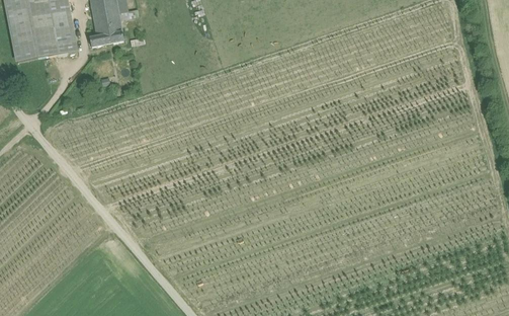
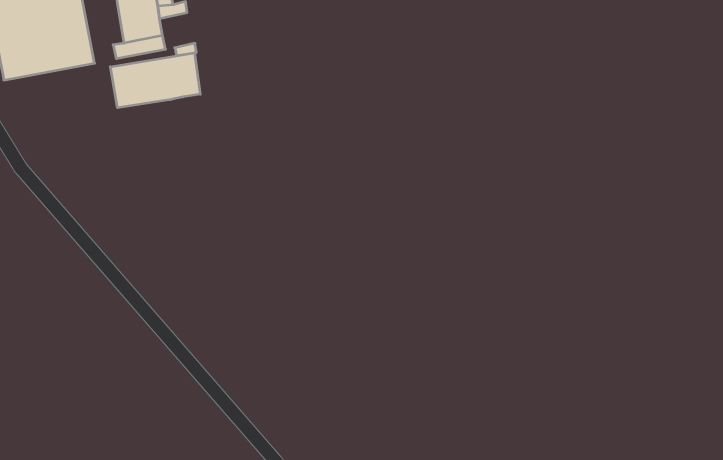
building: none -> [110,53,200,108]

